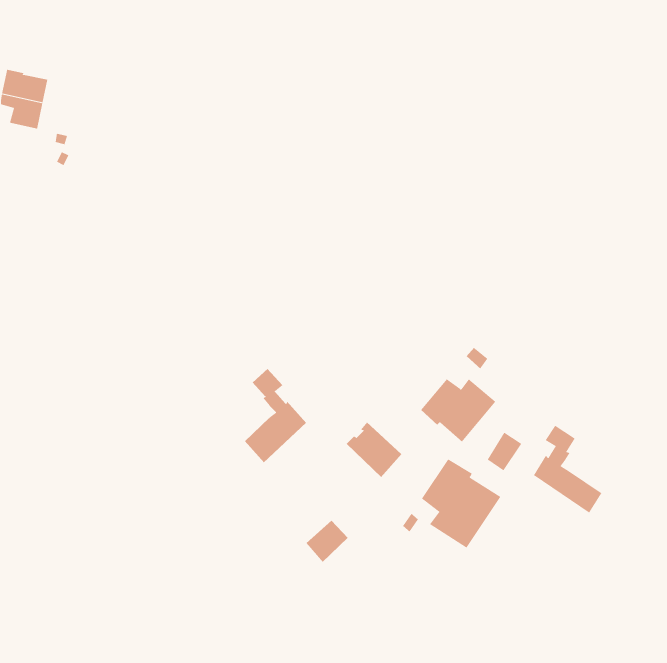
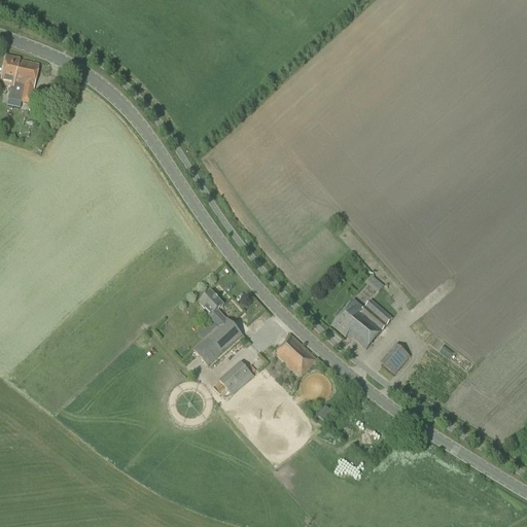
building: [533,425,602,513] -> none
building: [421,459,501,549] -> none
building: [306,520,349,563] -> [219,360,253,394]

